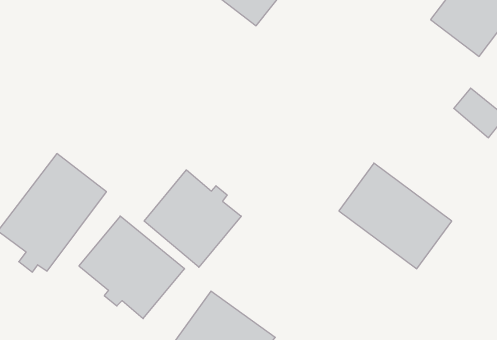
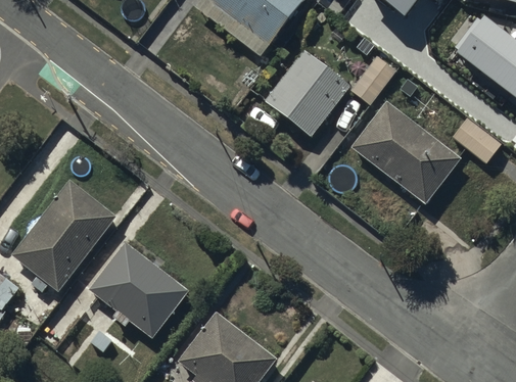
building: none -> [264,48,397,137]
building: [339,163,452,269] -> [351,101,461,203]
building: [144,170,241,267] -> none

